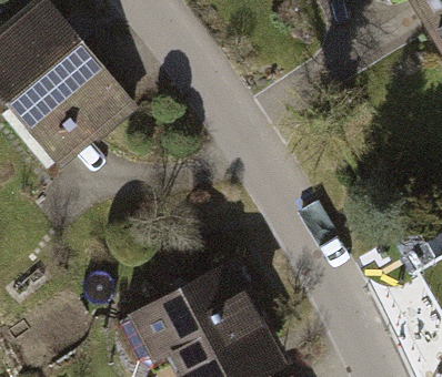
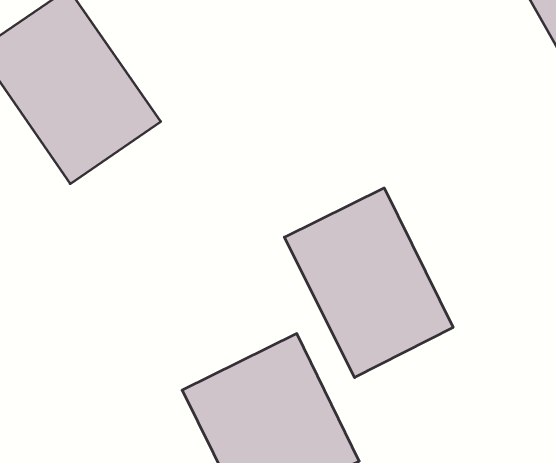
building: none -> [284,188,453,378]

